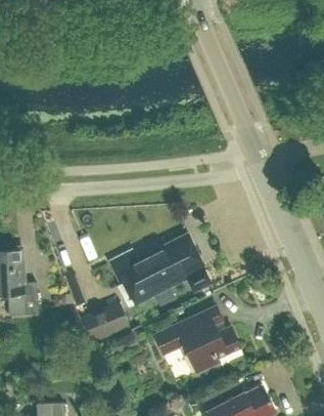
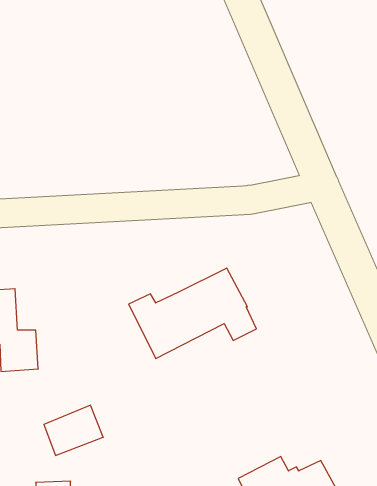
building: [84,301,131,341] -> [44,405,103,455]
building: [155,306,241,373] -> none

